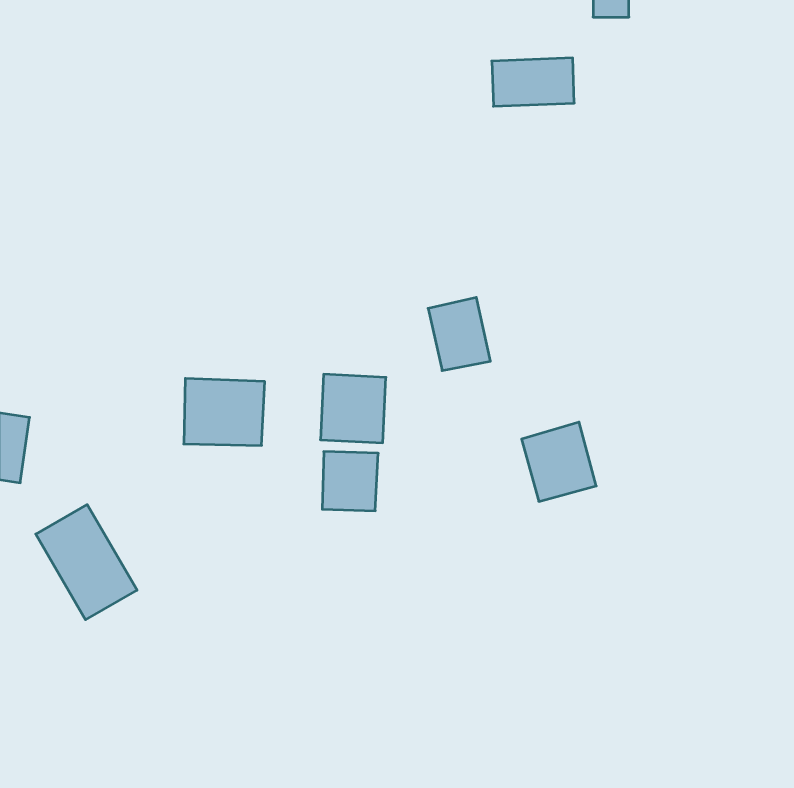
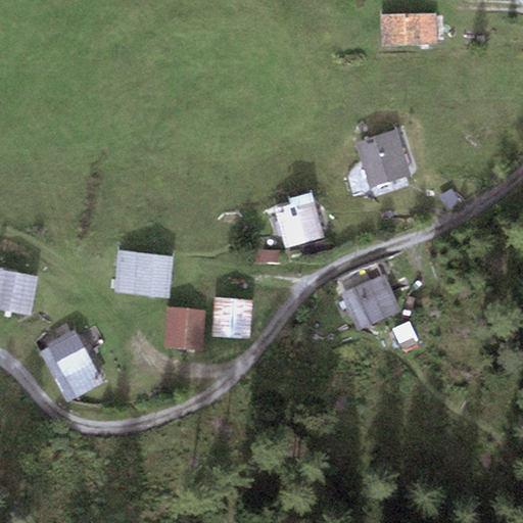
building: [492,58,574,106] -> [384,15,438,47]
building: none -> [360,125,413,183]
building: [320,374,386,443] -> [163,305,206,350]

